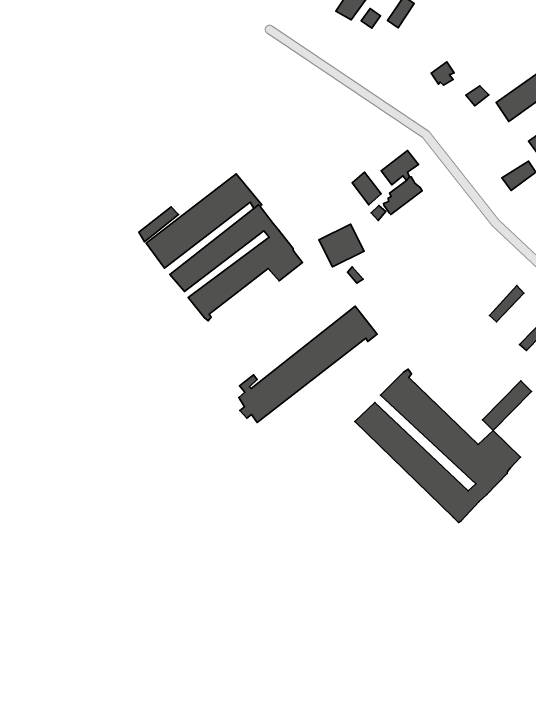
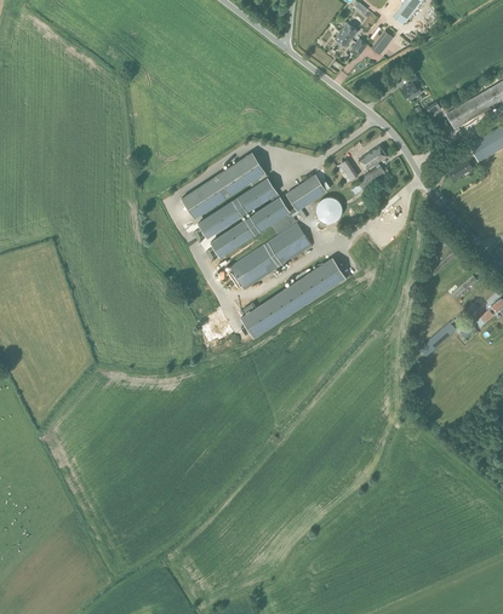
building: none -> [286,174,326,214]
building: none -> [229,222,311,289]
building: [355,369,521,523] -> none

